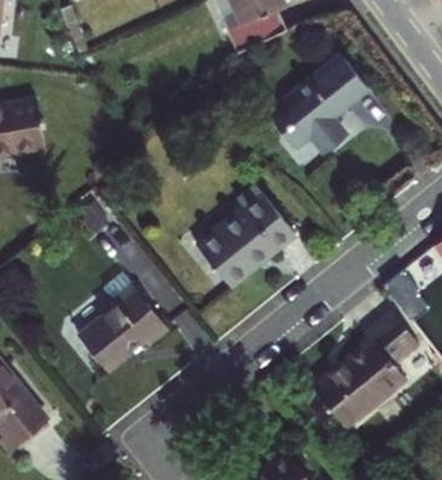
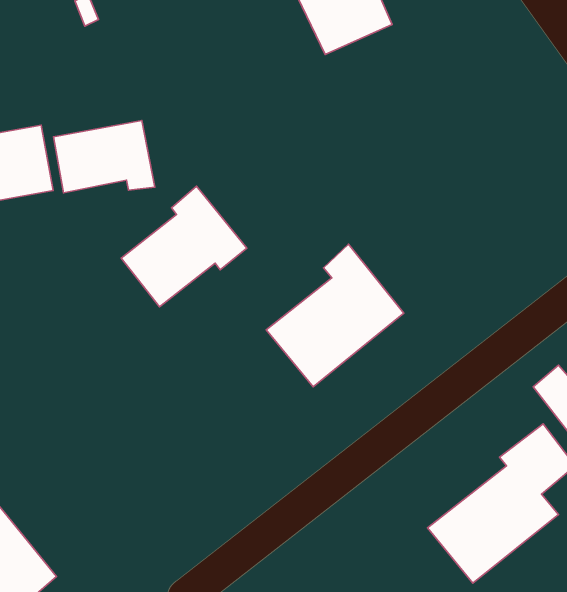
building: [269,59,367,154] -> none
building: none -> [53,121,155,193]
building: [79,287,168,373] -> [121,186,247,307]

